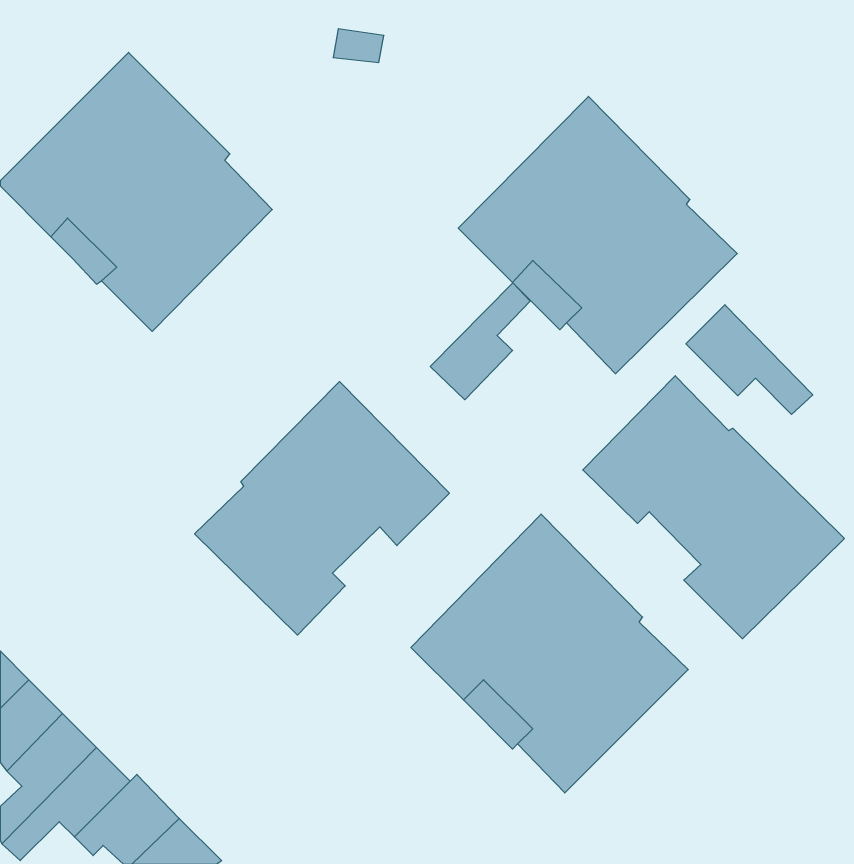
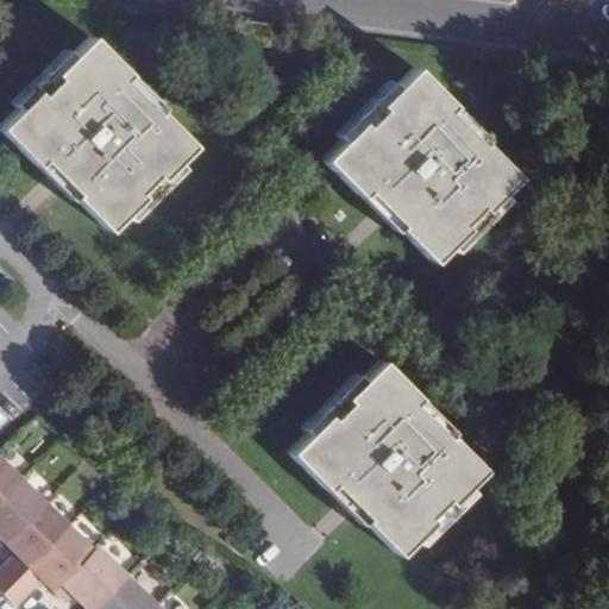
building: [430,283,530,400] -> none
building: [686,305,813,414] -> none
building: [583,376,844,639] -> none
building: [195,382,449,635] -> none

